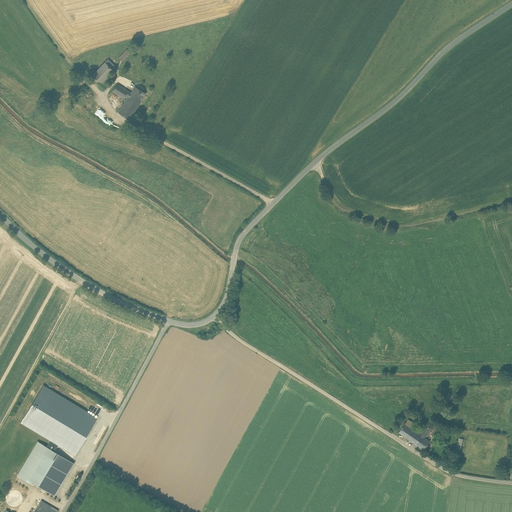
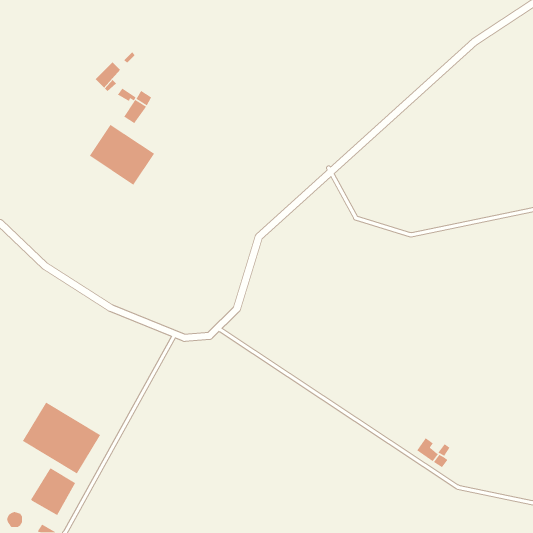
building: none -> [89,124,155,186]
building: [17,442,48,483] -> none

